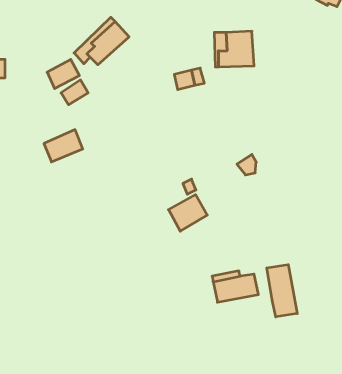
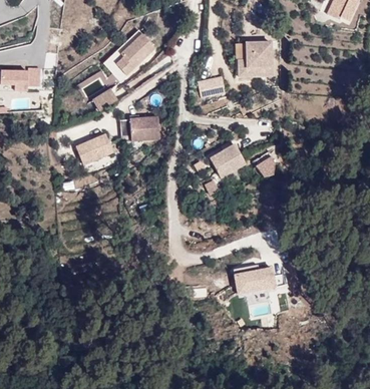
building: none -> [129,116,159,140]
building: [168,195,207,231] -> [210,143,246,177]
building: [267,265,297,317] -> none

